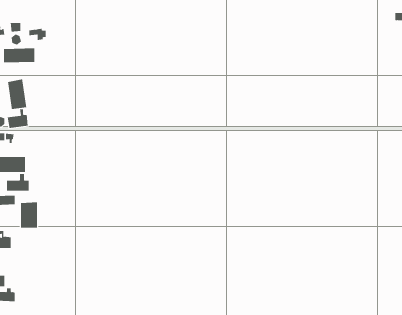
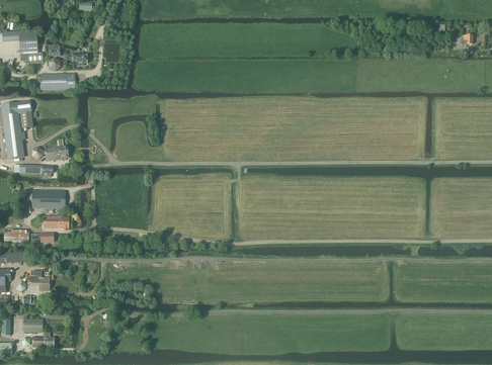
building: [8,78,27,110] -> none
building: [20,202,38,229] -> none

